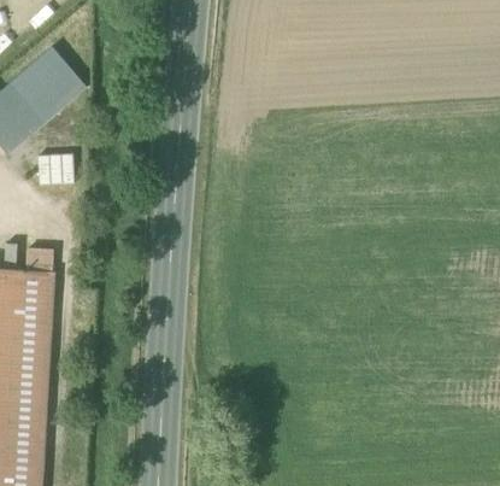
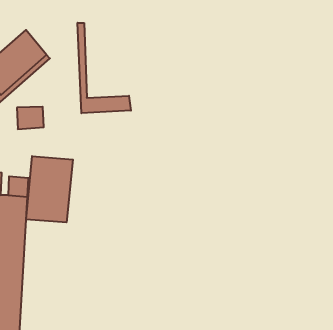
building: none -> [78,23,131,113]
building: none -> [26,156,73,222]

